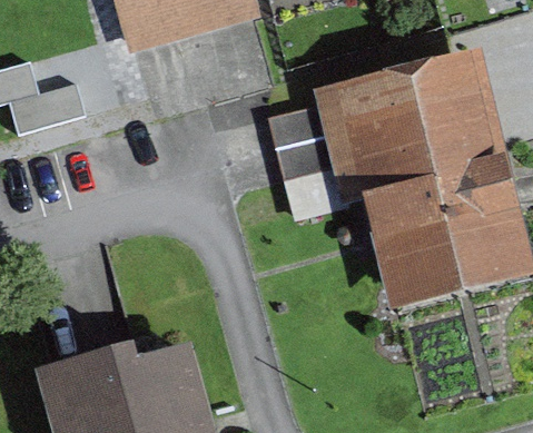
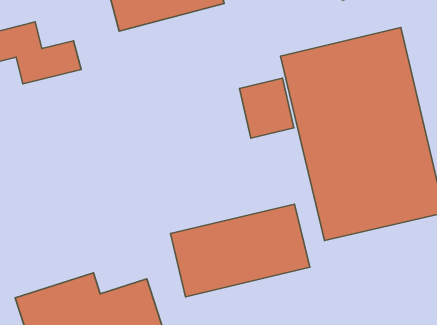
building: none -> [170,204,310,297]

